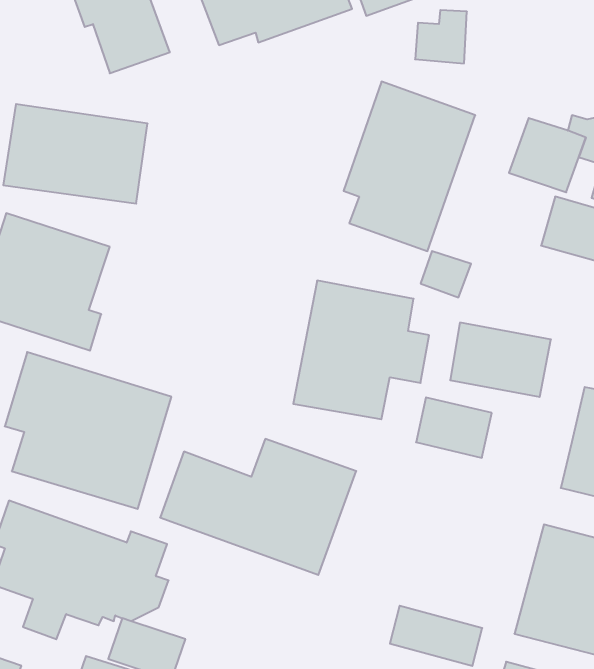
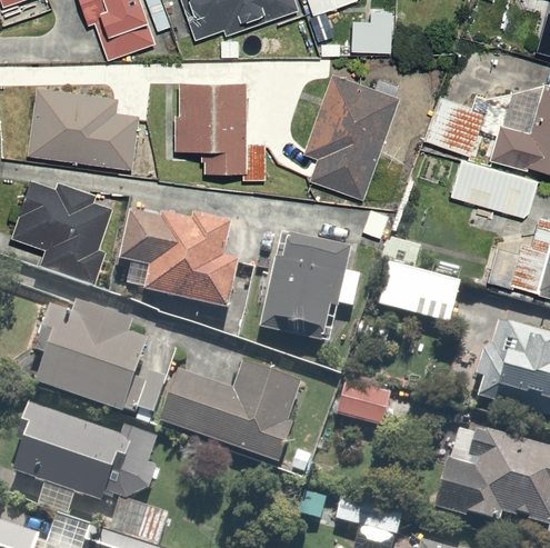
building: none -> [172,76,263,176]
building: none -> [119,201,242,306]
building: [416,397,492,458] -> [333,373,393,421]

